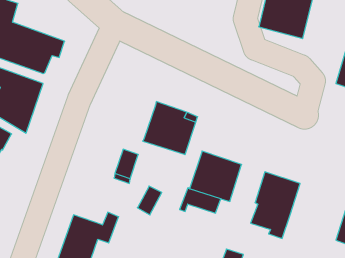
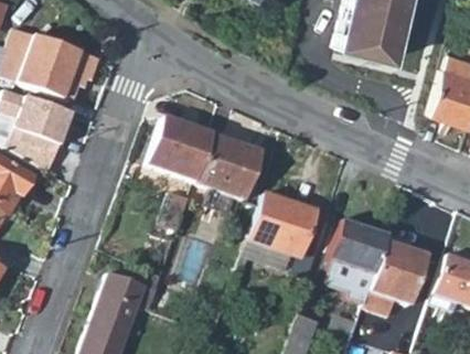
building: none -> [151,119,211,181]
building: none -> [365,235,429,314]

